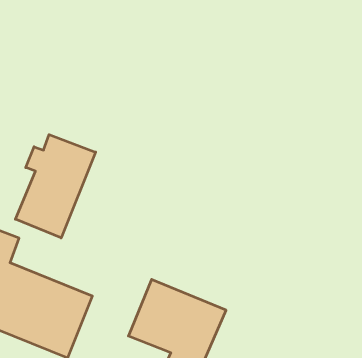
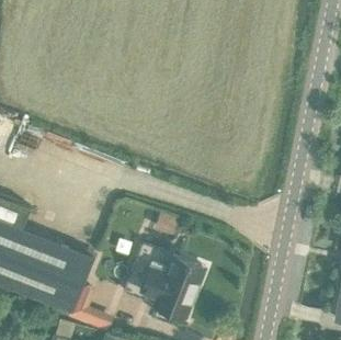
building: [15,135,96,238] -> none

